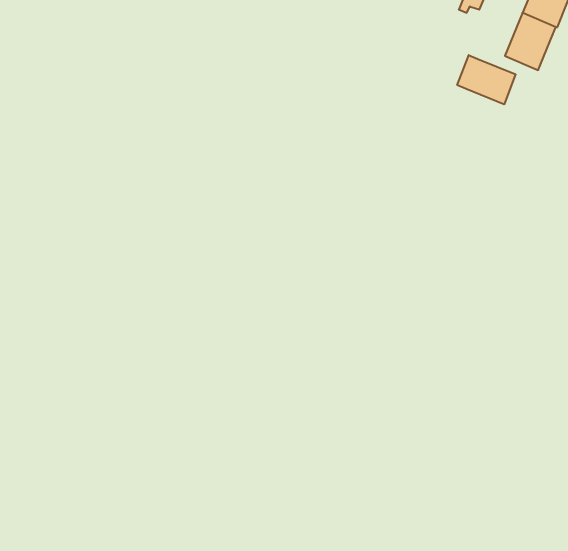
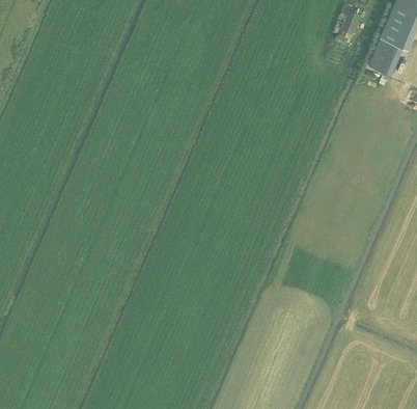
building: [457,55,516,104] -> none

